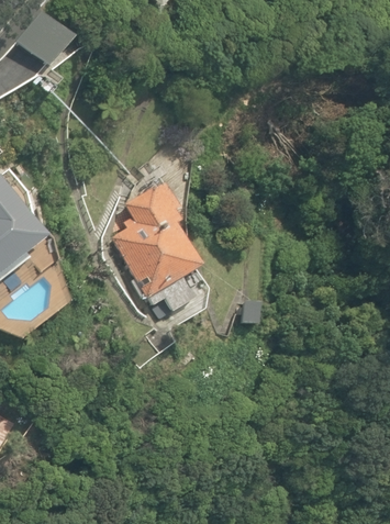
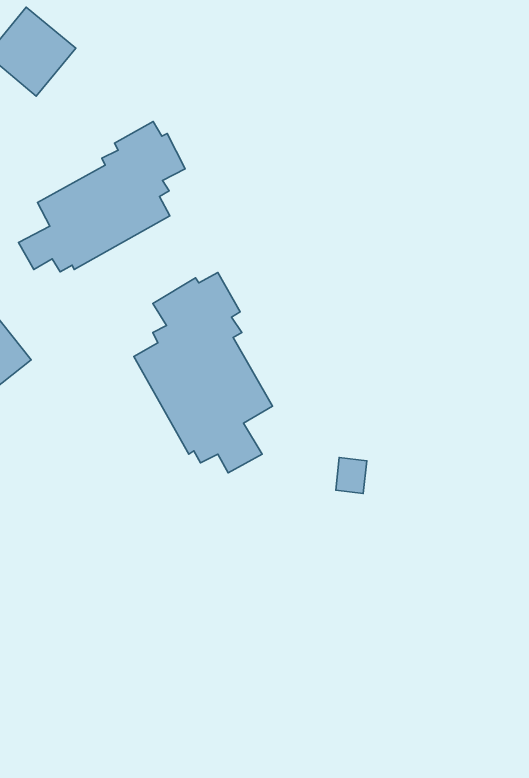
building: none -> [18,121,185,272]

